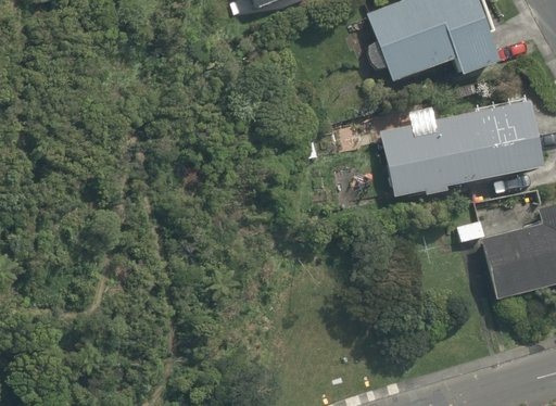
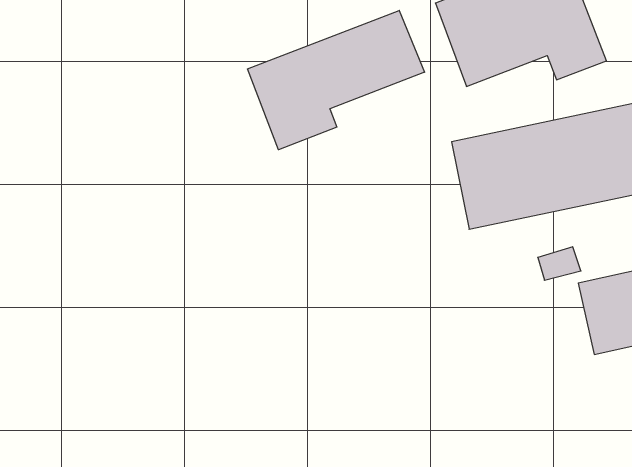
building: none -> [248,10,425,150]

